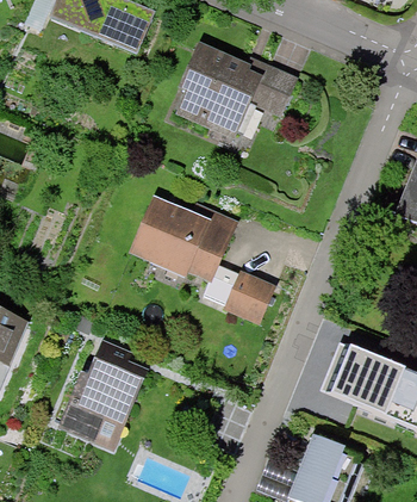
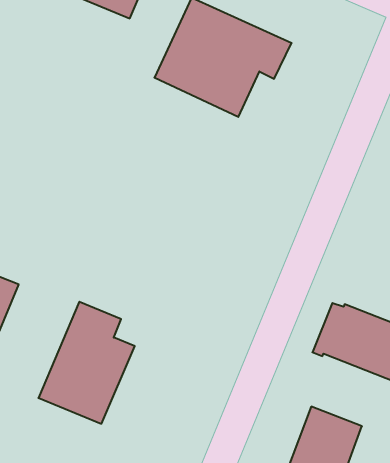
building: [131,197,234,285] -> none
building: [222,277,274,328] -> none

